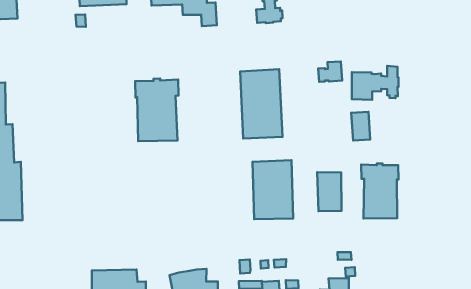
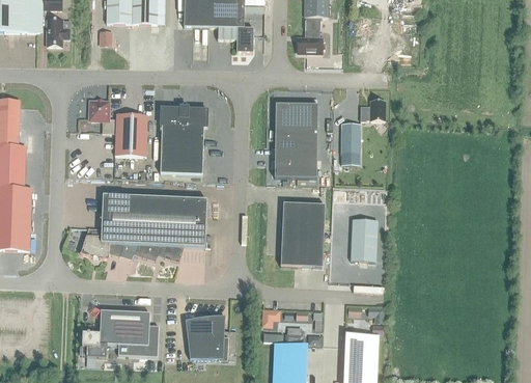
building: none -> [46,18,69,45]
building: [352,66,398,100] -> none
building: none -> [89,99,147,155]
building: [351,112,370,140] -> [341,122,360,153]
building: none -> [80,193,206,261]
building: [361,163,398,219] -> none

